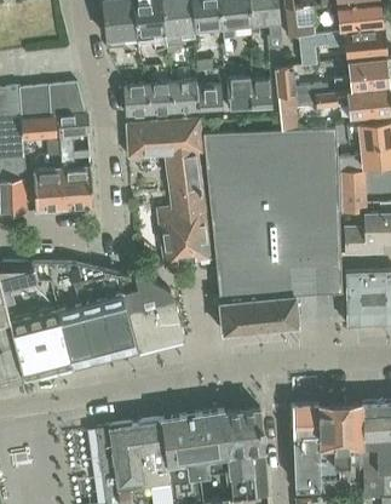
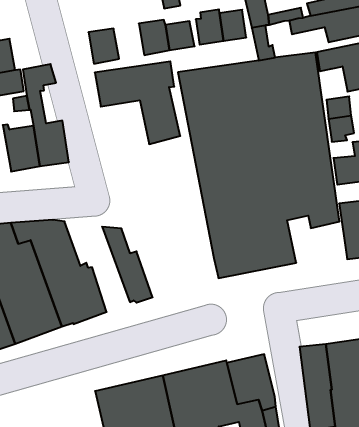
building: [48,85,85,118] -> none
building: [148,85,174,116] -> none
building: [157,195,211,273] -> none
building: [84,265,138,355] -> none
building: [137,277,182,345] -> none

